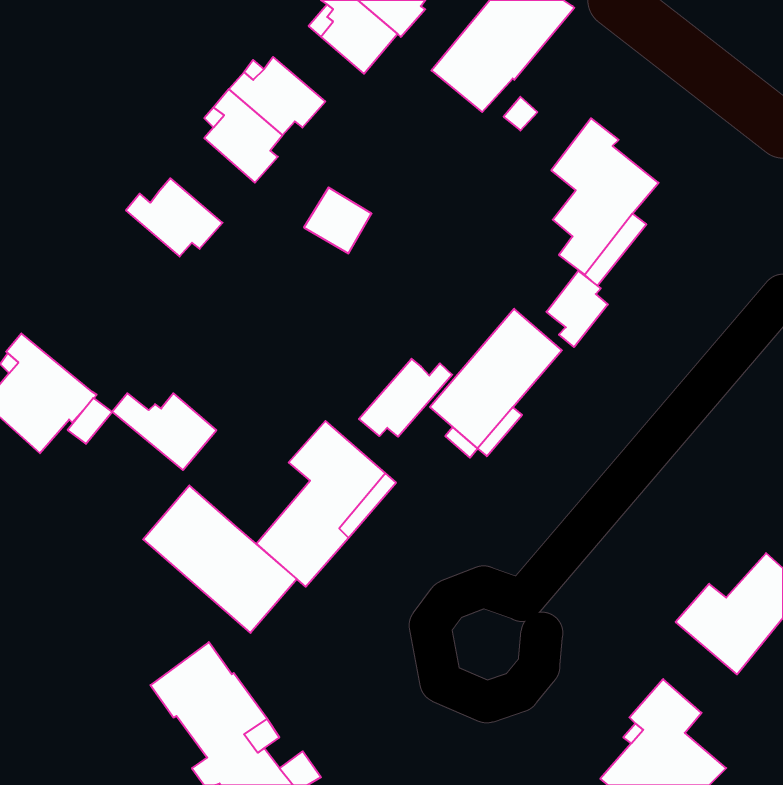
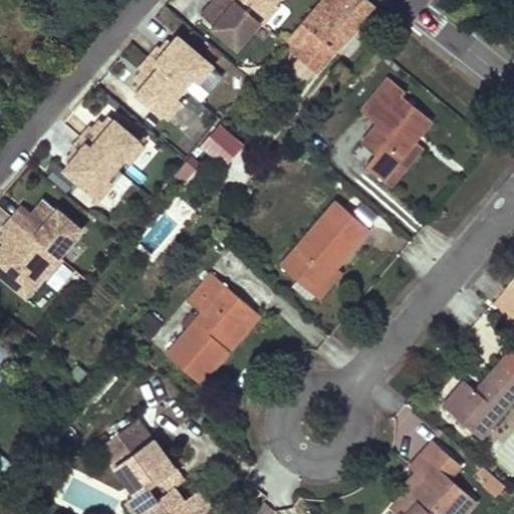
building: none -> [65,138,117,199]
building: [546,271,608,347] -> none
building: [359,359,452,437] -> none
building: [112,393,216,470] -> [14,206,82,256]
building: [143,485,297,633] -> none

